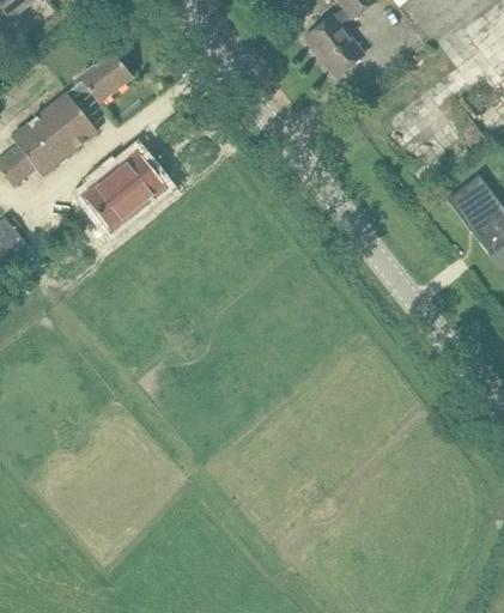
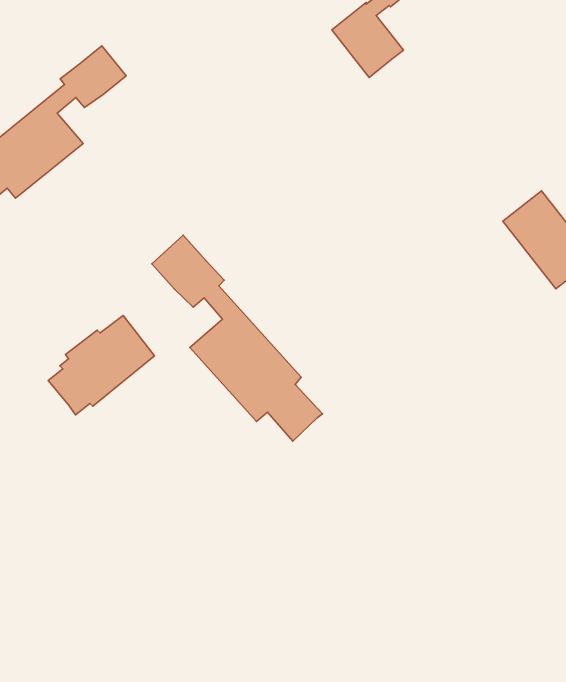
building: [75,153,164,236] -> [48,316,155,415]
building: none -> [152,235,322,441]

